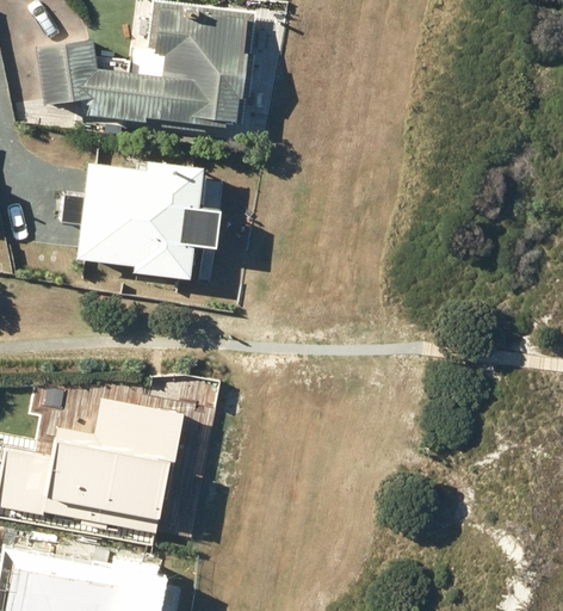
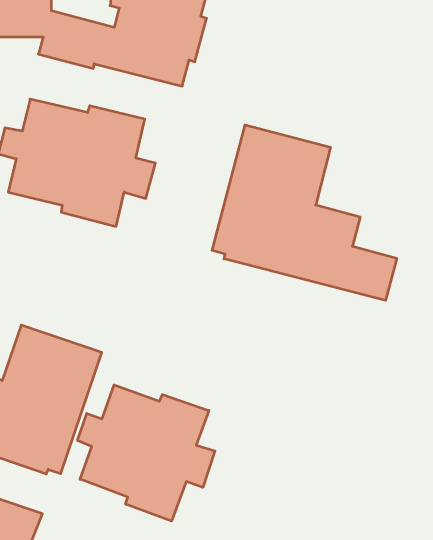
building: none -> [212,125,397,300]
building: none -> [78,385,215,521]

